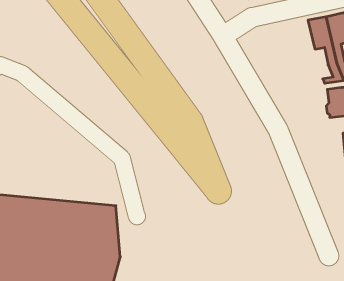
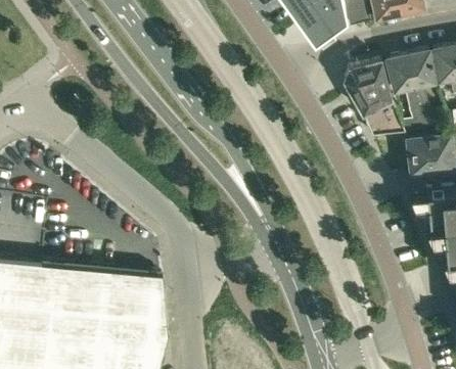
building: none -> [344,60,404,136]

